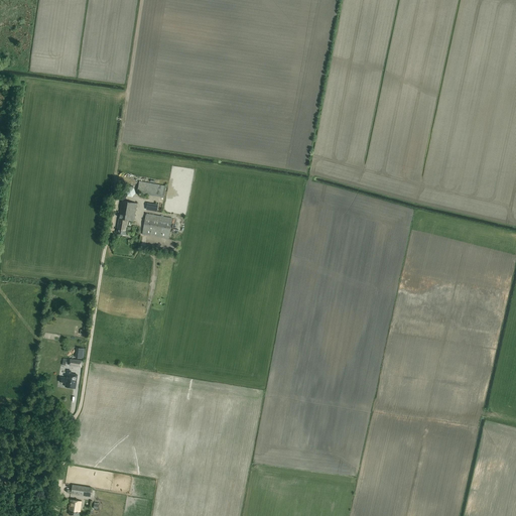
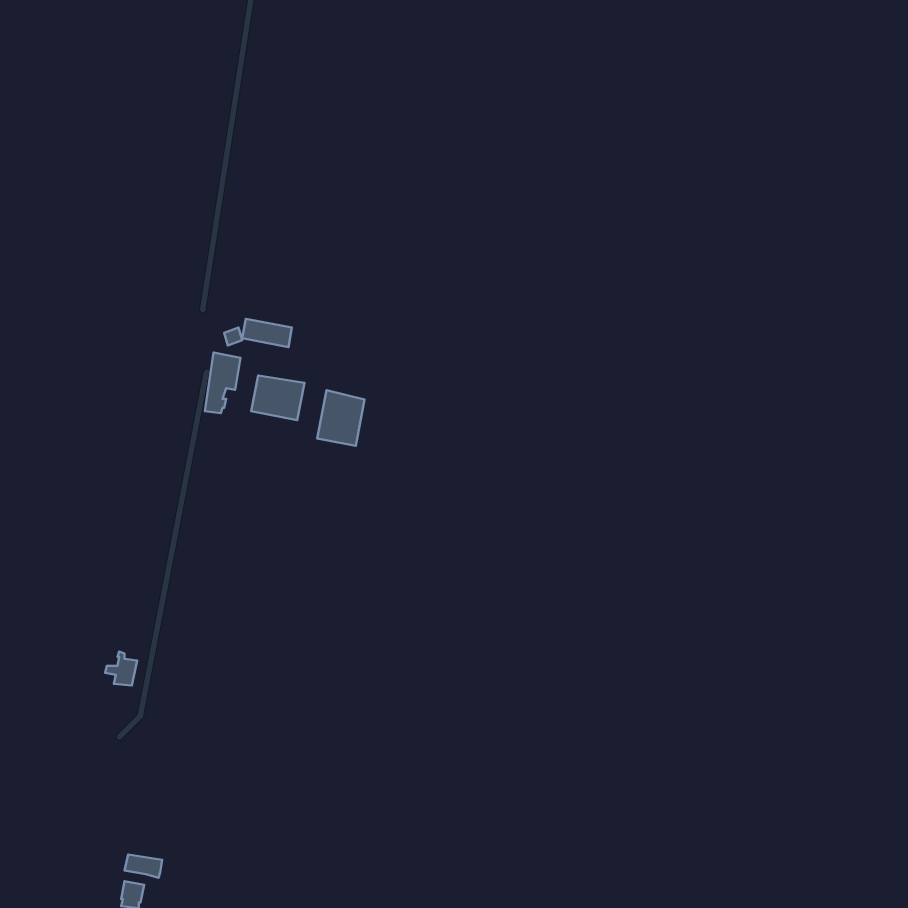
building: none -> [317,390,364,446]

